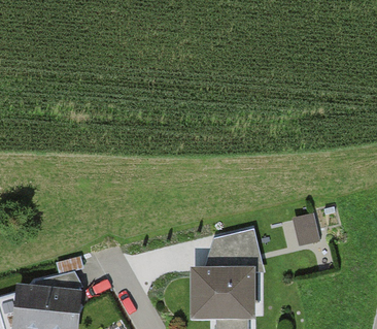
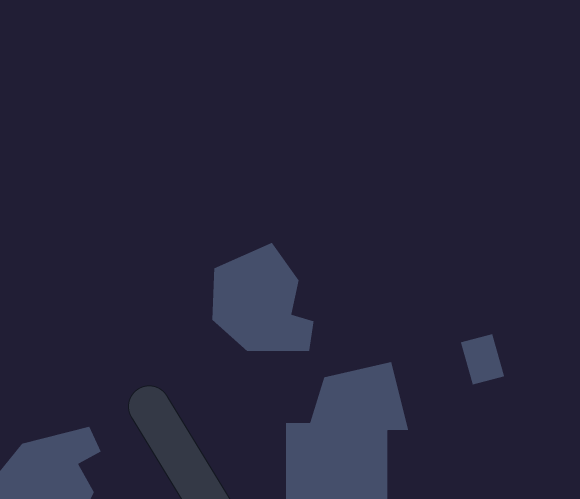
building: none -> [212,242,314,352]

